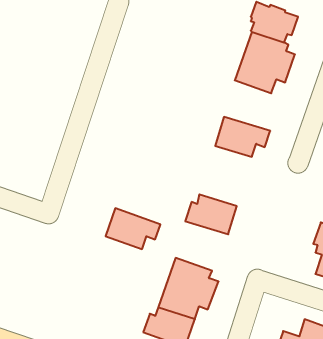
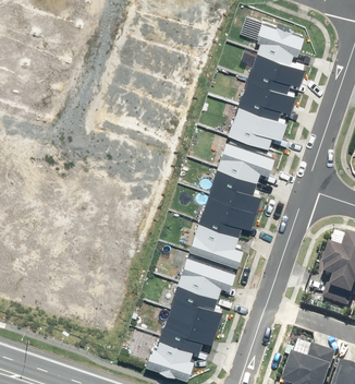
building: none -> [225,101,278,142]
building: none -> [205,168,265,229]
building: [106,208,160,249] -> [181,253,236,295]

